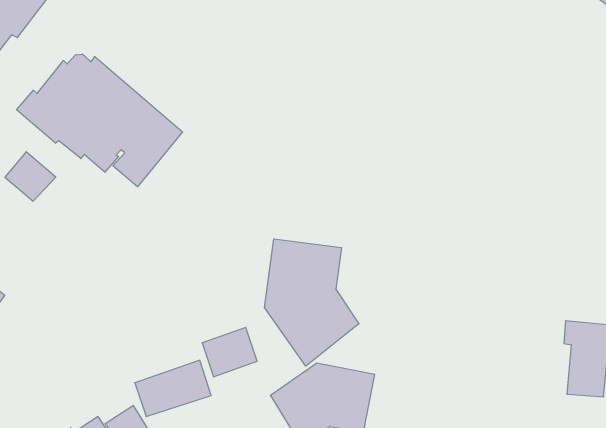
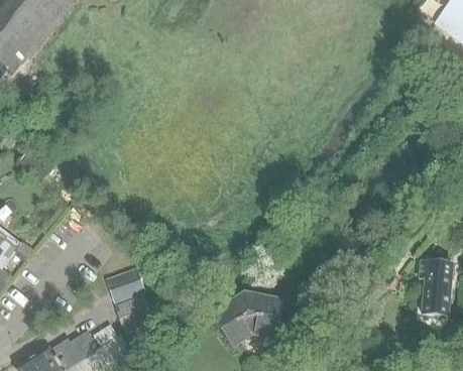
building: [17,54,182,187] -> none
building: [265,239,359,366] -> none
building: [202,327,257,377] -> [104,267,143,302]

